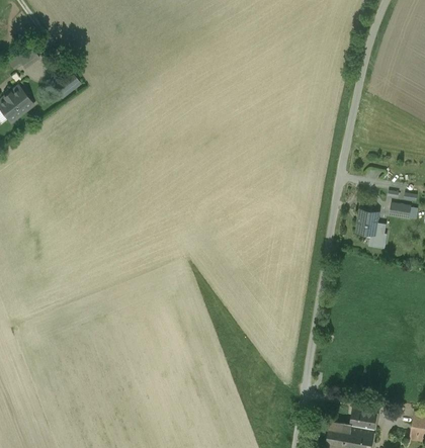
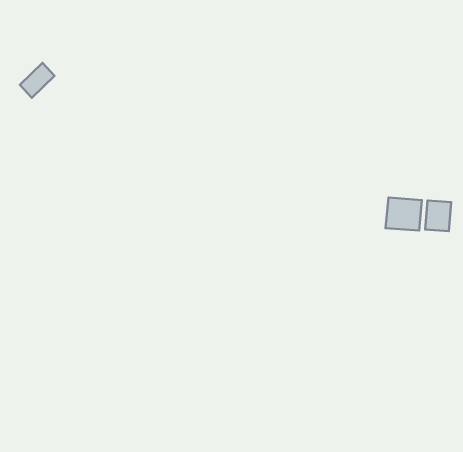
building: none -> [386,198,422,231]

